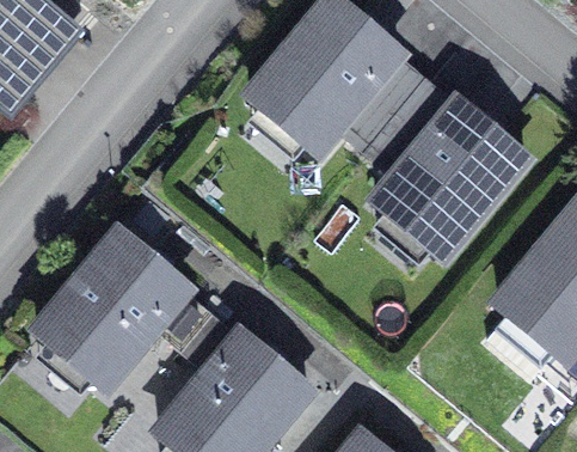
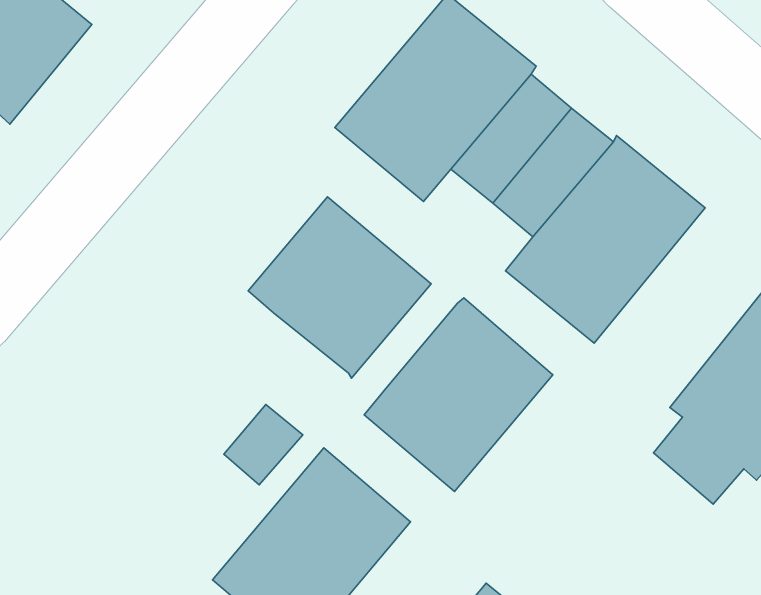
building: none -> [248,197,431,378]
building: none -> [364,298,553,492]
building: [41,233,188,386] -> none

